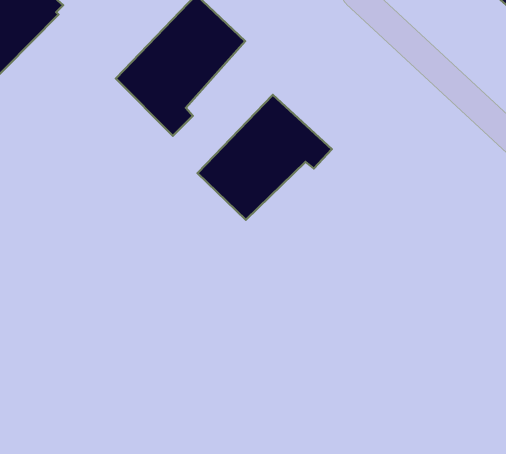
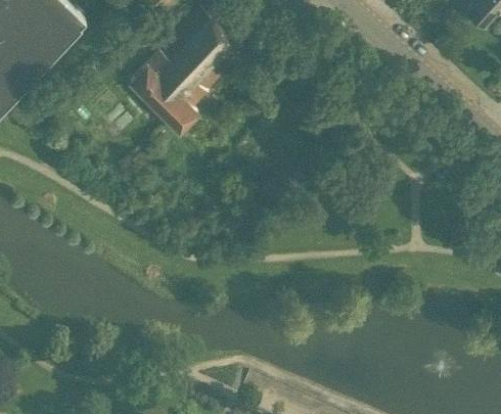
building: [197,95,332,220] -> none

